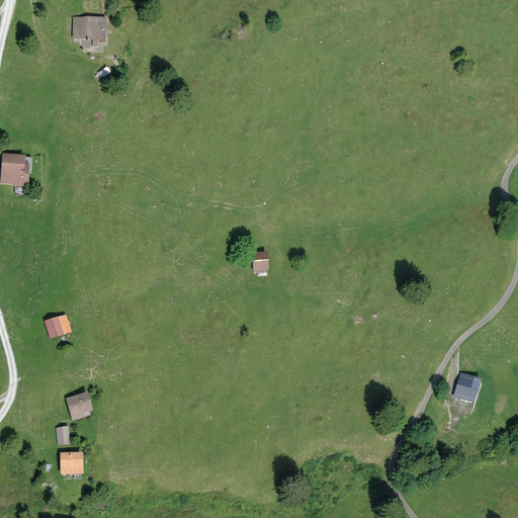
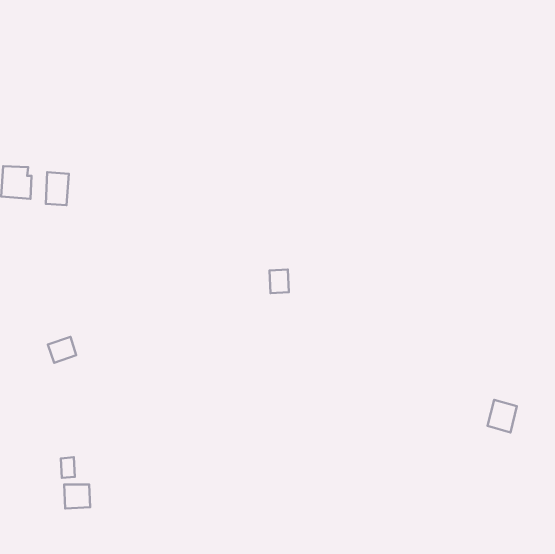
building: [72,17,106,40] -> none
building: none -> [46,172,69,205]
building: [66,391,94,420] -> none

